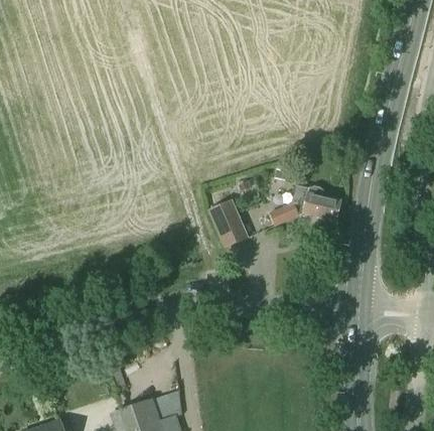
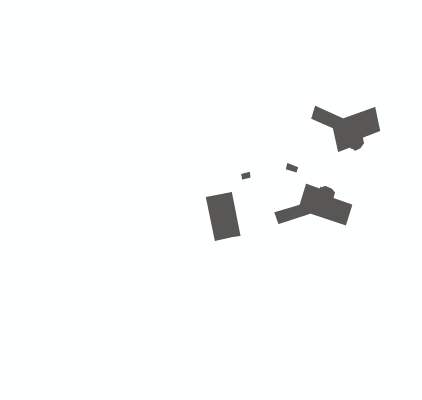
building: none -> [310,104,381,153]

